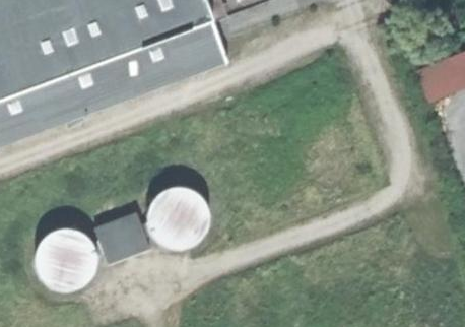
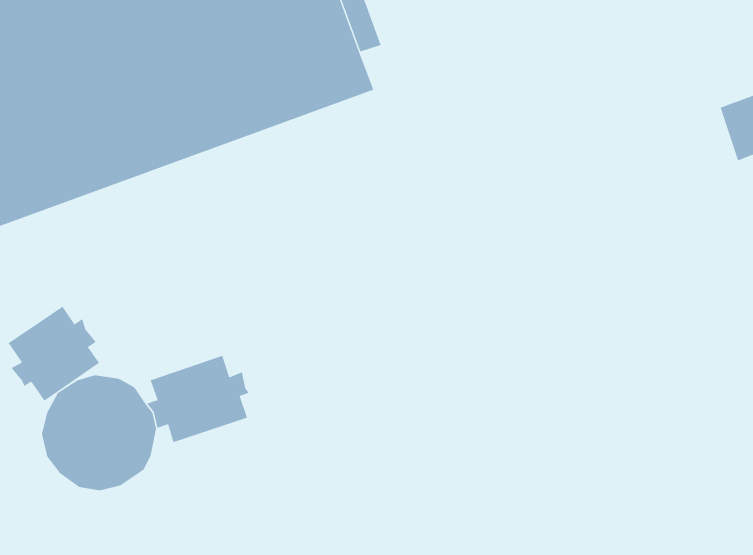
building: [145,183,211,248] -> none
building: none -> [8,306,100,402]

